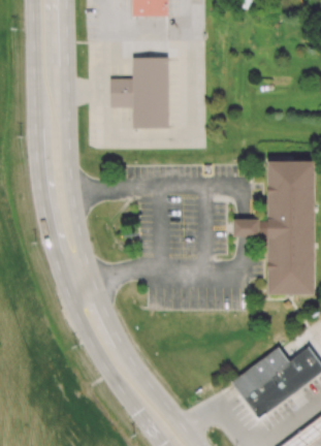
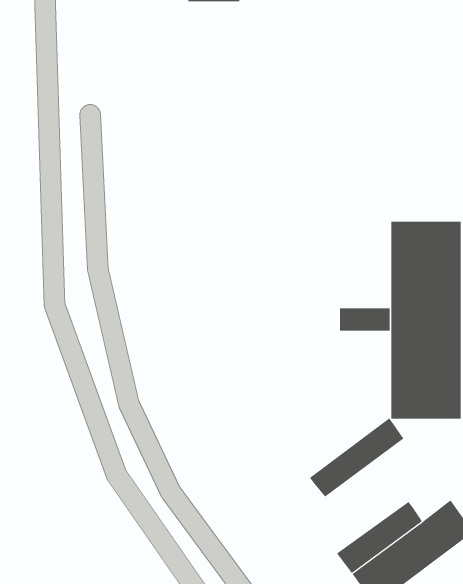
building: [109,57,168,128] -> none
building: none -> [309,418,404,497]

